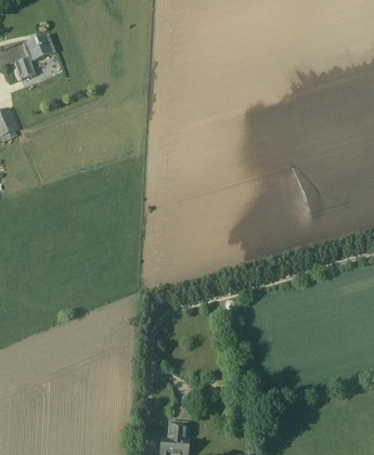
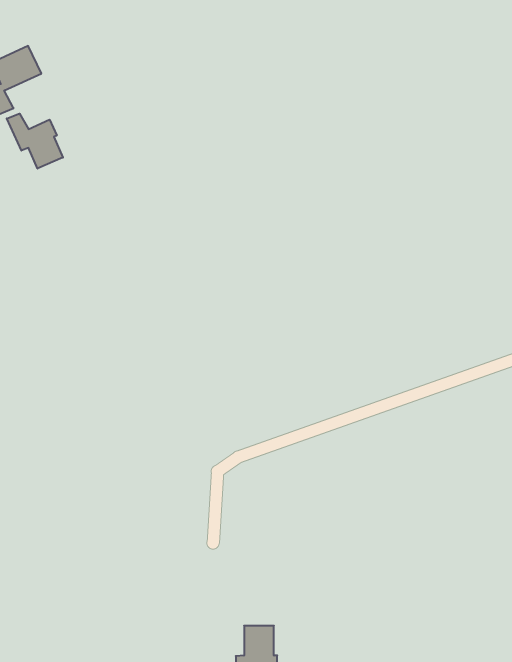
building: none -> [7,114,63,169]

